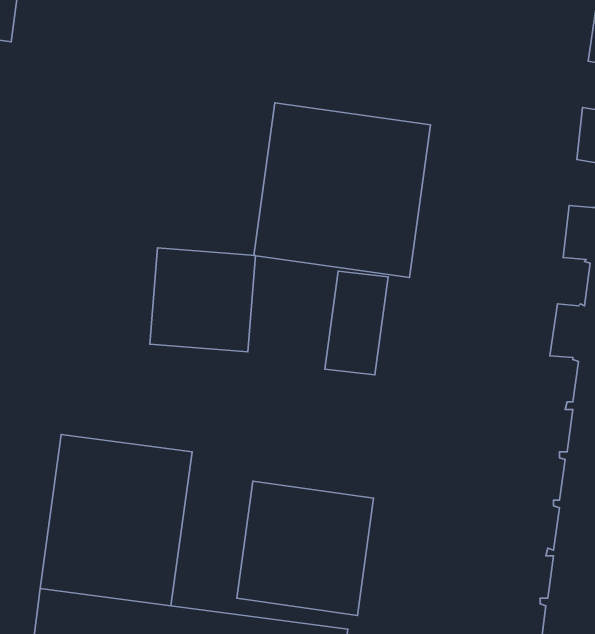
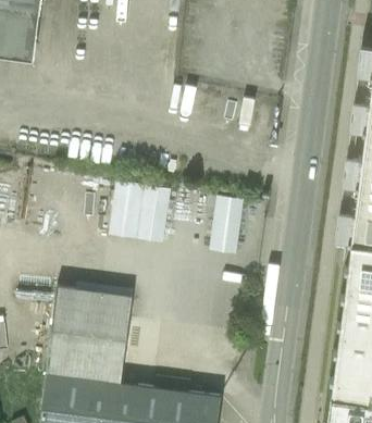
building: [254,103,431,277] -> none
building: [237,481,374,615] -> none

